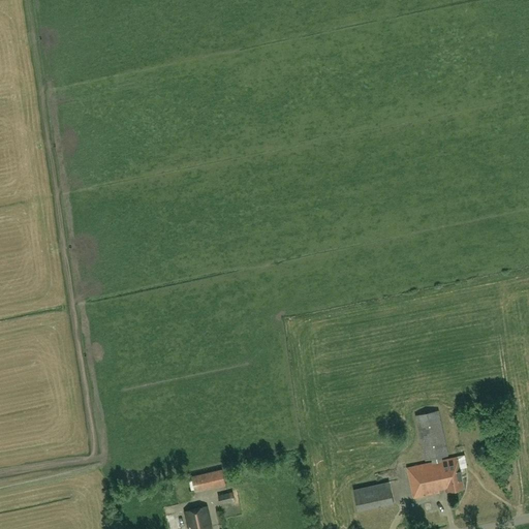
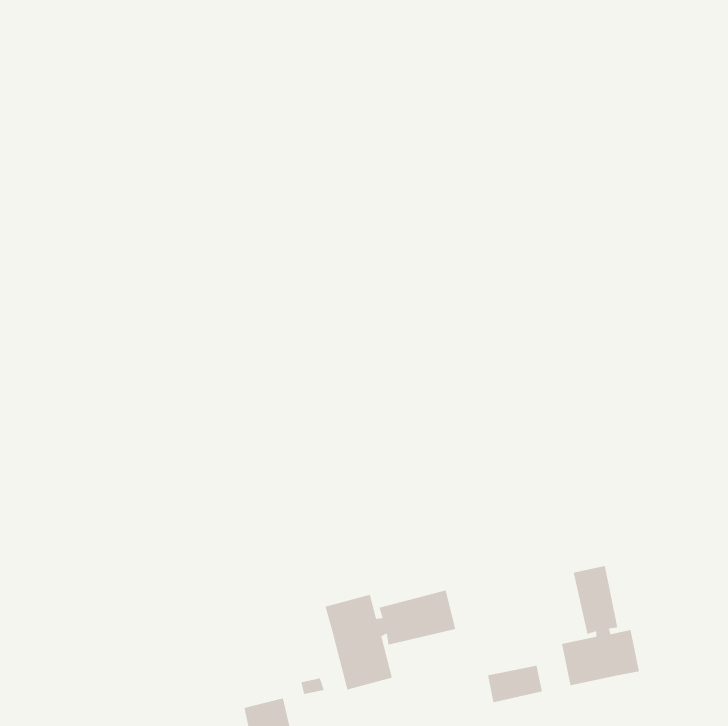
building: none -> [325,590,456,690]
building: [191,469,226,493] -> none

